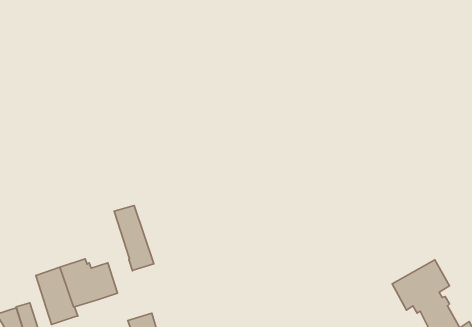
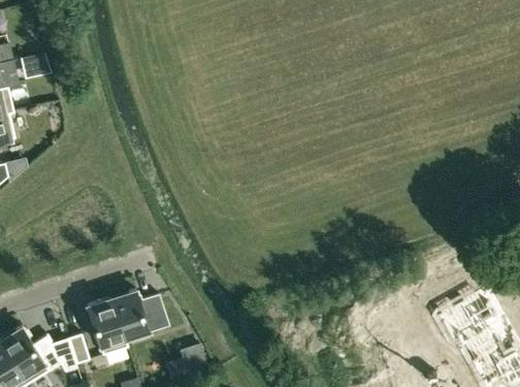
building: [114,205,154,271] -> none

